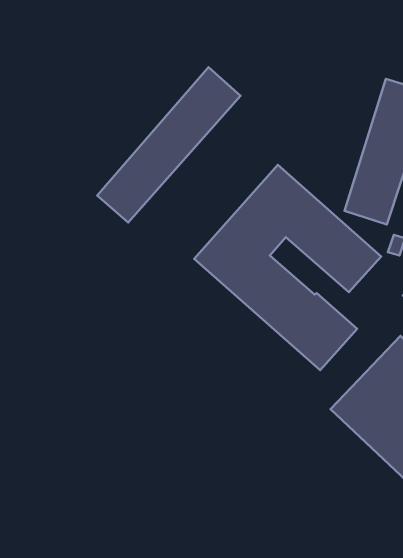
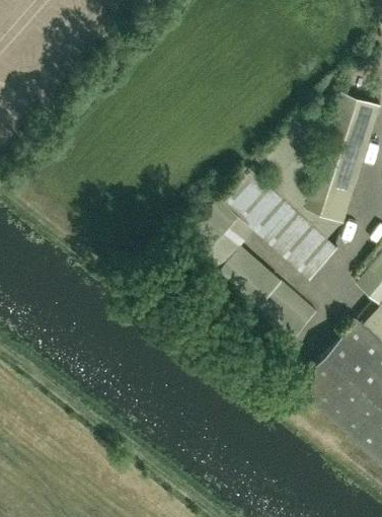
building: [97,67,241,222] -> none

